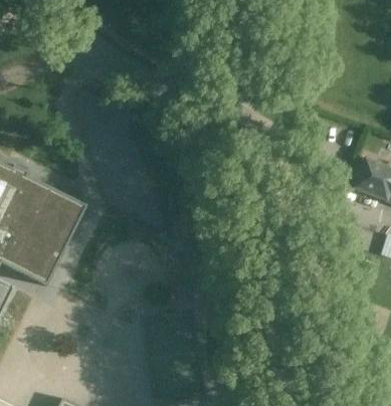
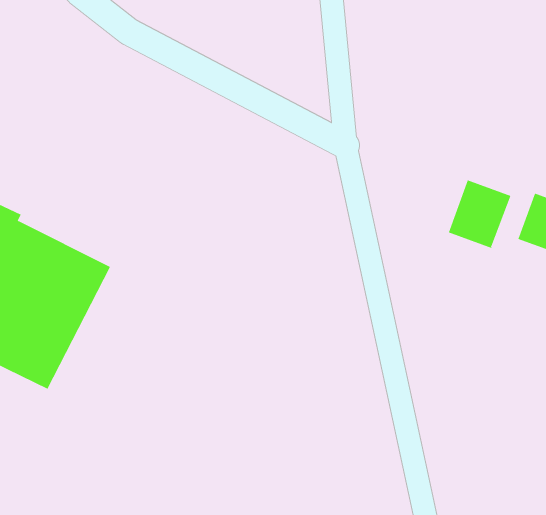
building: none -> [448,180,511,249]

